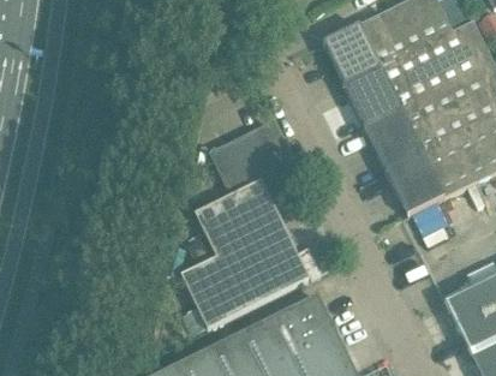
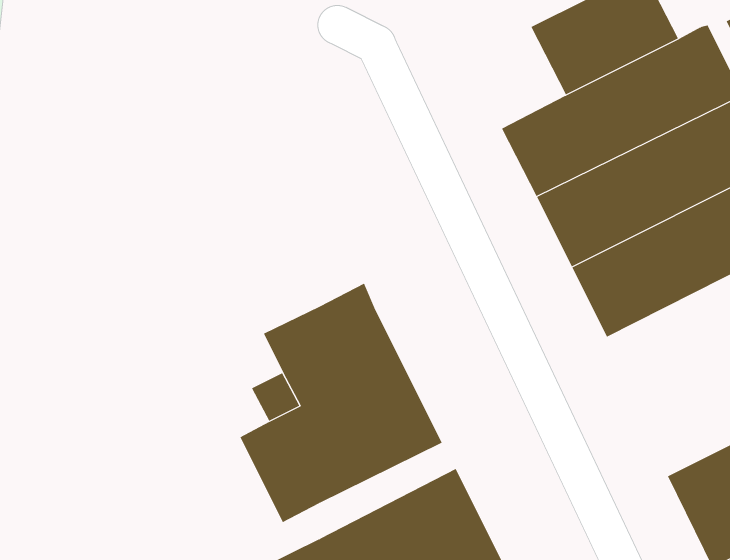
building: [323,23,383,85] -> none
building: [210,121,298,197] -> none

